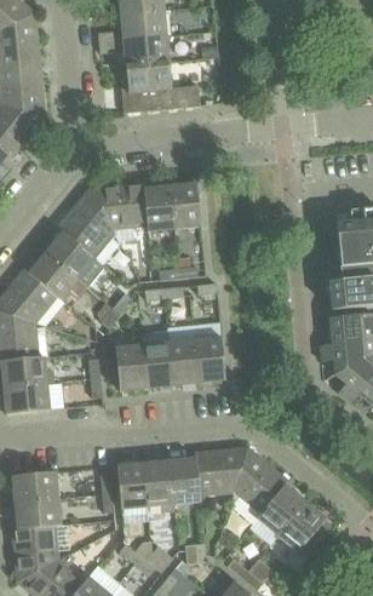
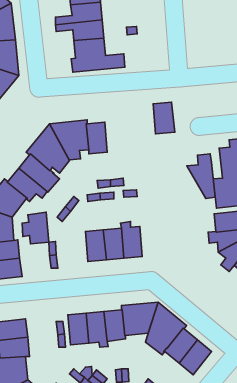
building: [170,183,201,229] -> [153,102,175,134]
building: none -> [187,154,215,199]
building: [107,344,145,390] -> [22,212,49,244]

